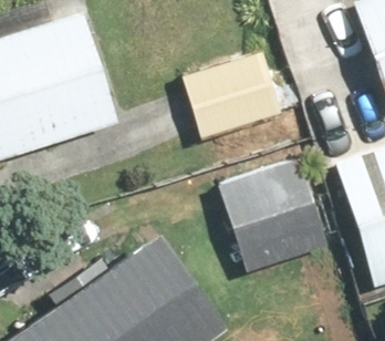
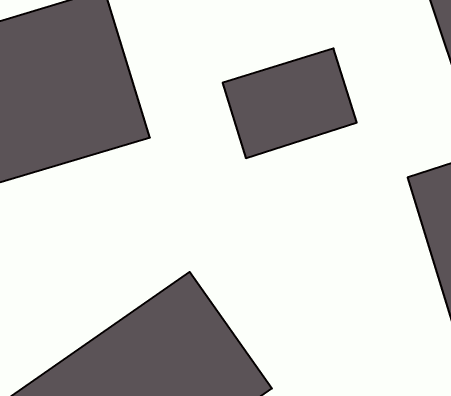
building: [222,159,331,277] -> none

